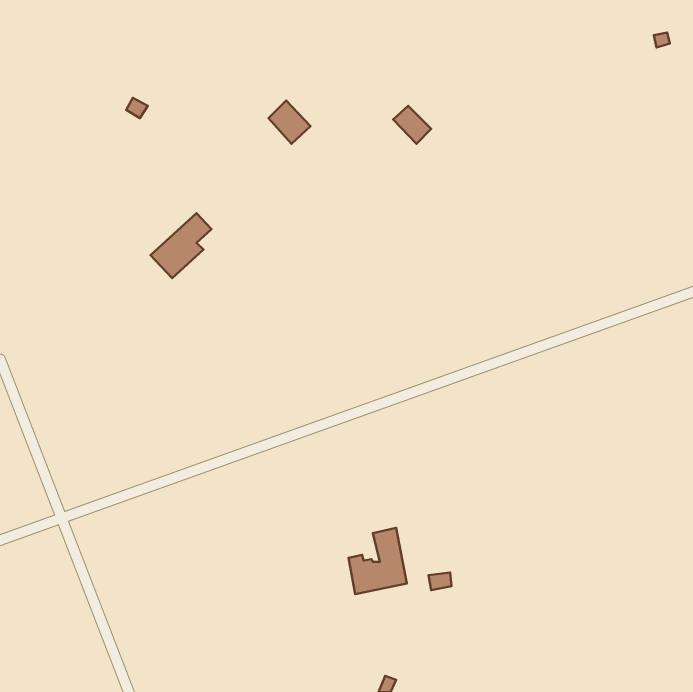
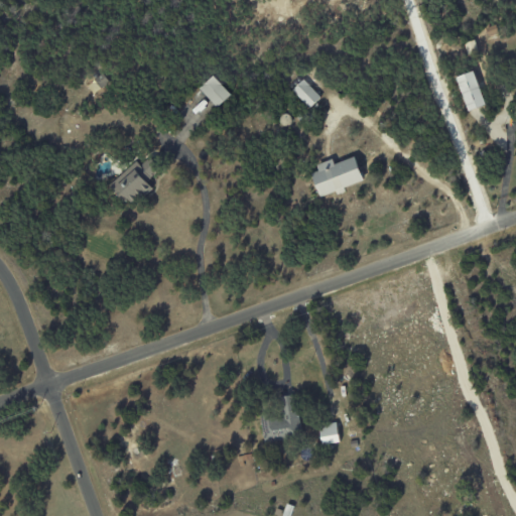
building: none -> [456,70,486,110]
building: none -> [311,155,364,197]

